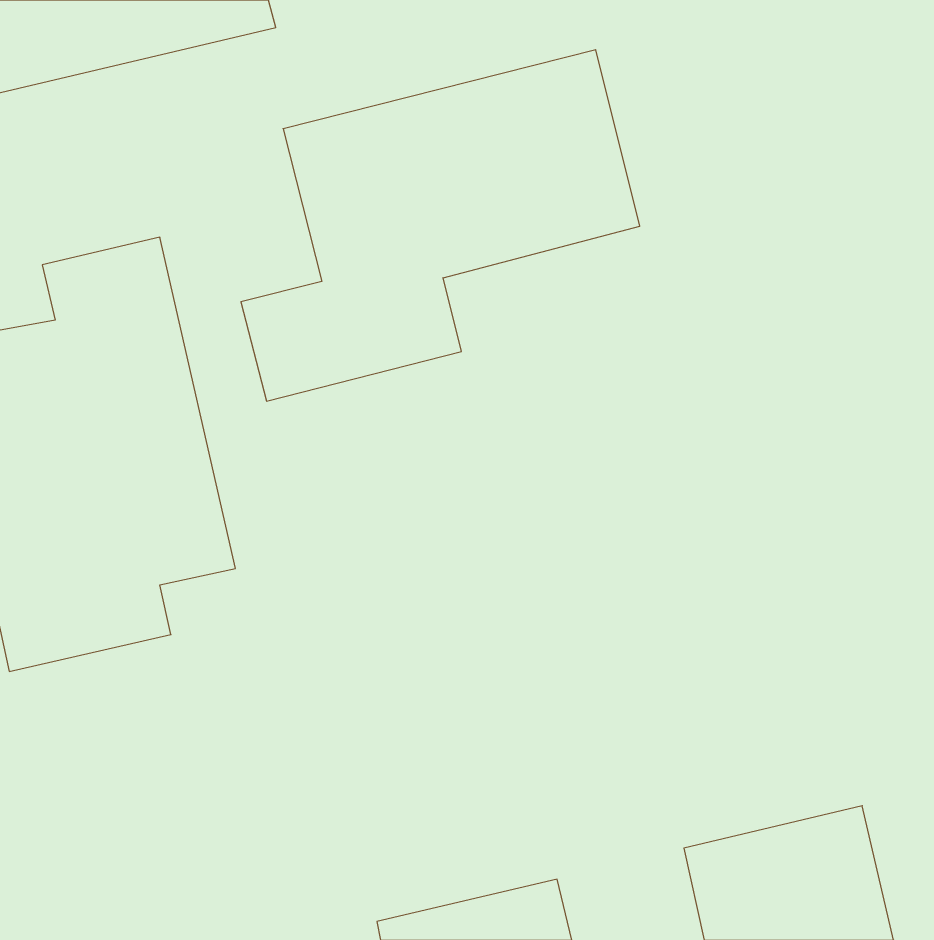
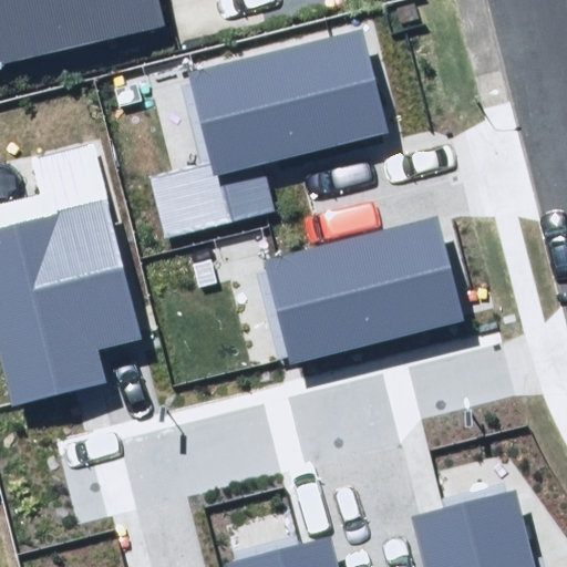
building: none -> [260,217,462,367]

